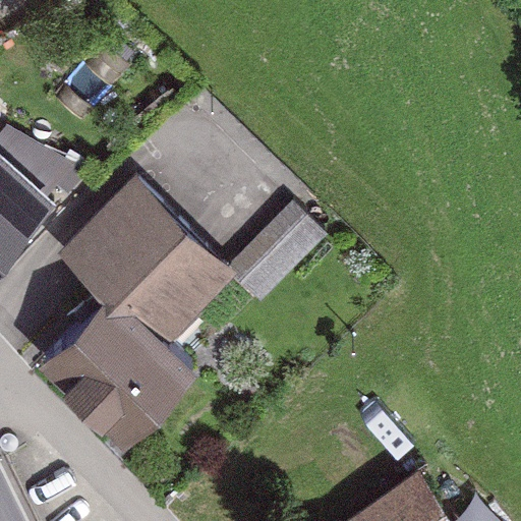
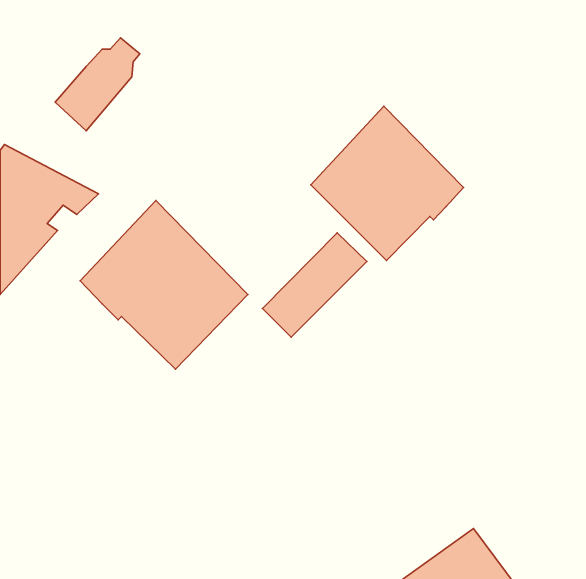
building: none -> [311,106,464,260]
building: [40,287,184,431] -> none

